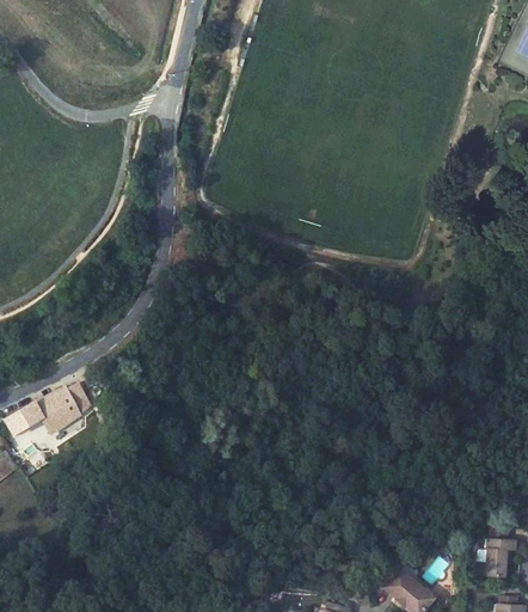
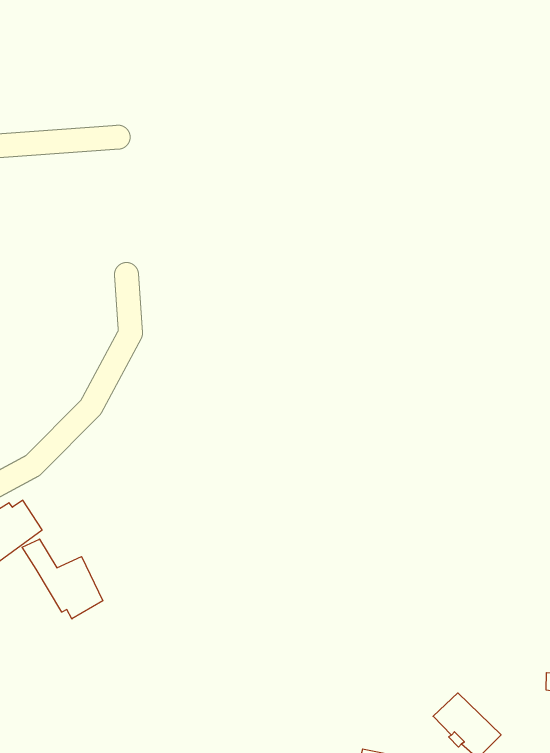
building: none -> [22,539,103,619]

